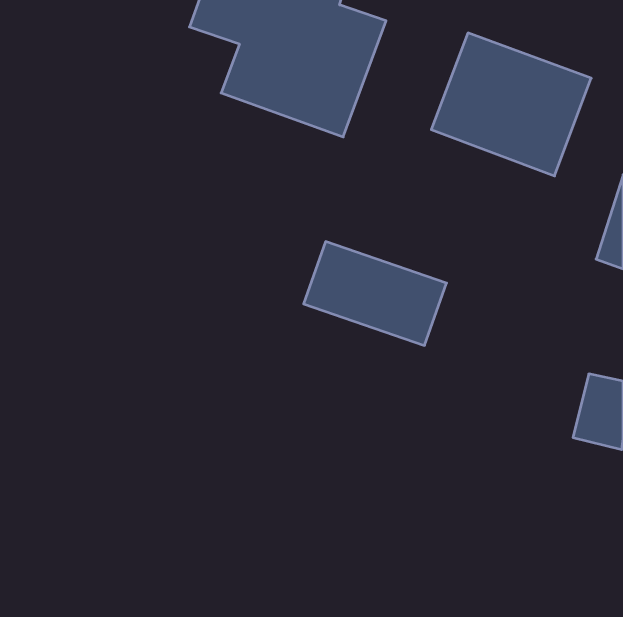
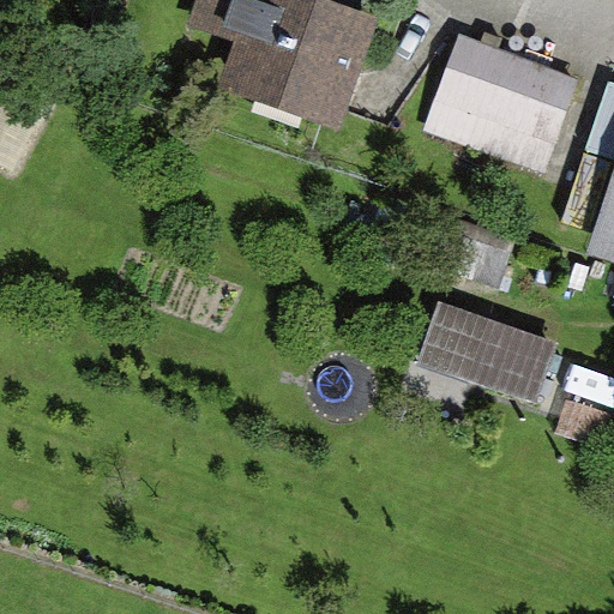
building: [304,242,447,345] -> [417,301,558,403]

